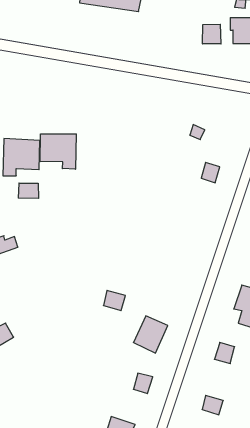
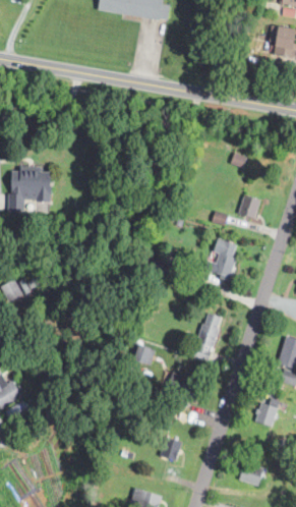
building: [203,24,221,44] -> none
building: [40,134,76,169] -> none
building: [18,183,38,198] -> none
building: none -> [208,239,238,280]
building: none -> [192,313,221,360]

